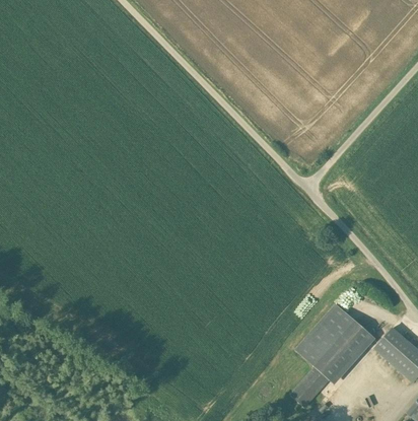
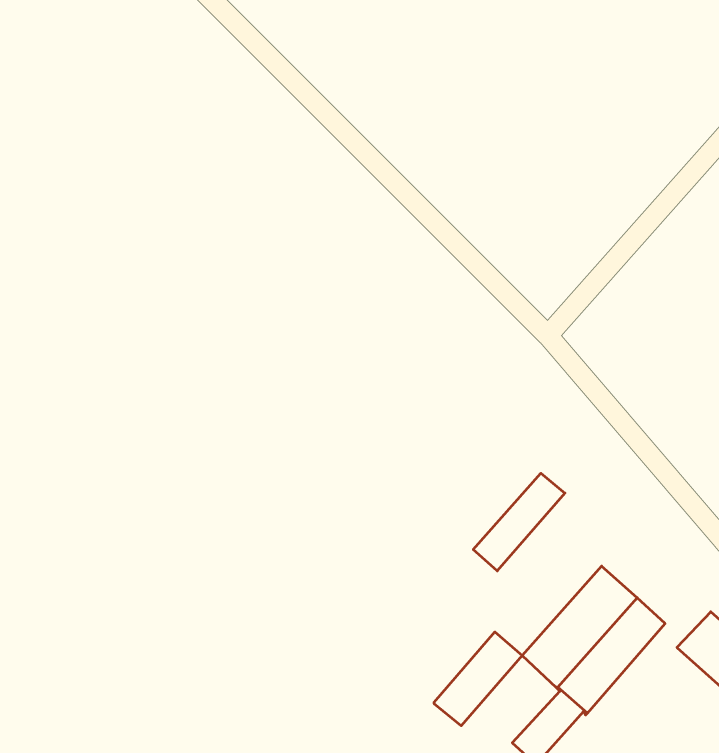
building: none -> [473,473,565,571]
building: none -> [434,632,522,726]

